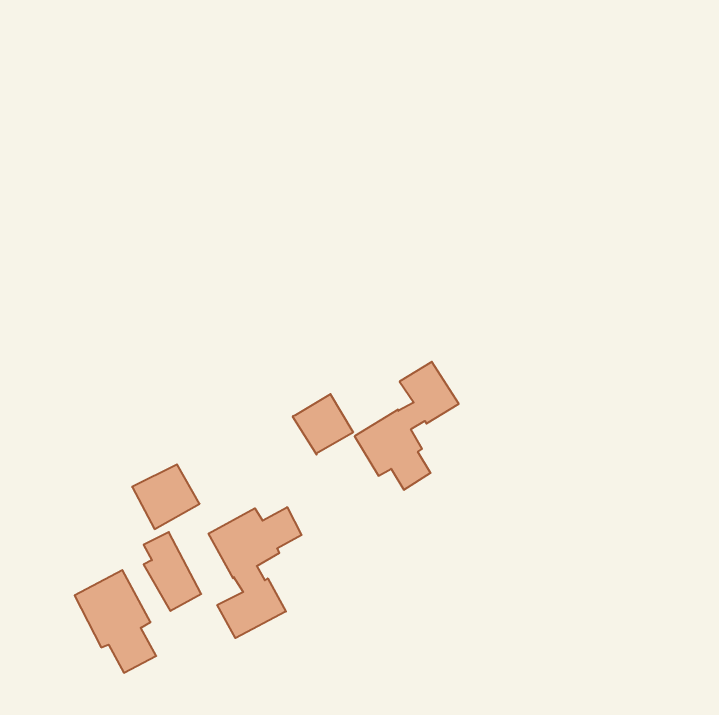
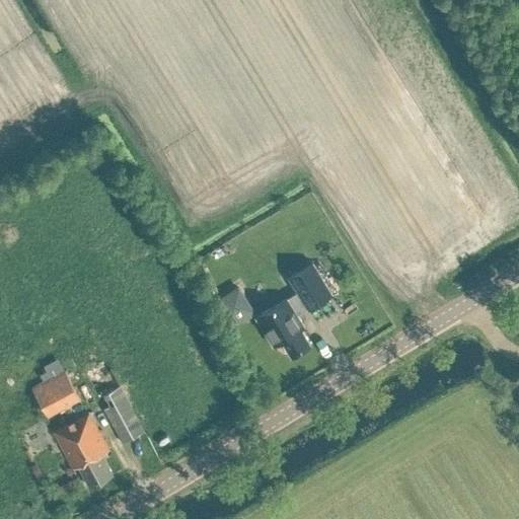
building: [132,464,200,529] -> [33,371,82,418]
building: [209,507,302,638] -> none

